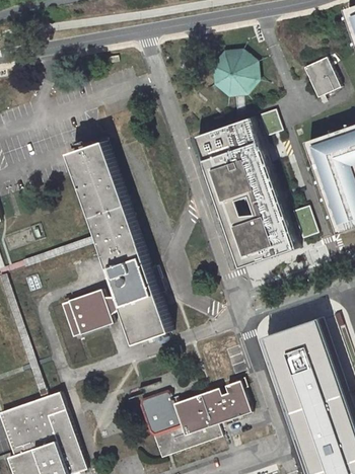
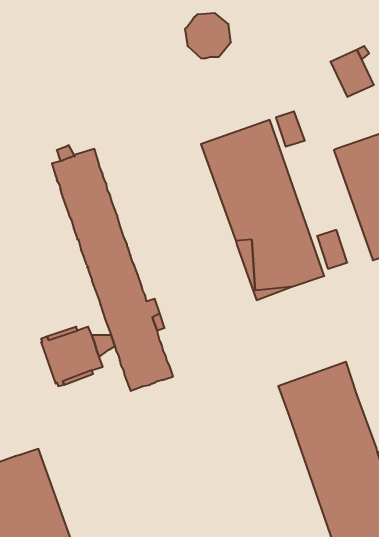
building: [213,55,252,92] -> [185,13,231,58]
building: [137,381,248,458] -> none

